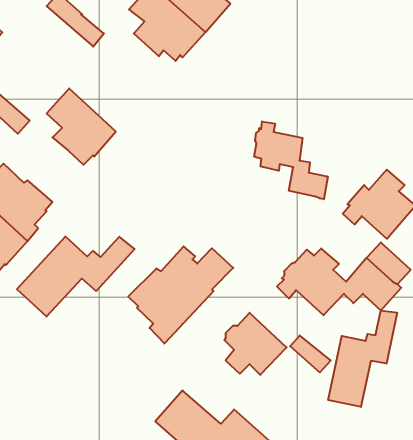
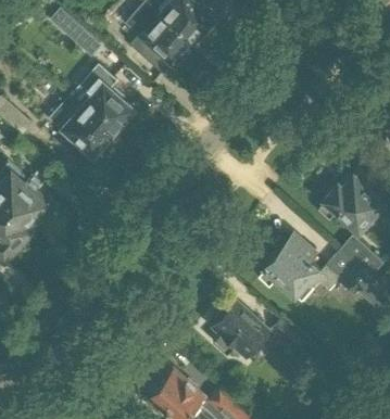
building: none -> [70,76,133,132]
building: [254,121,328,199] -> none
building: [17,236,135,317] -> none
building: [128,246,233,344] -> none
building: [328,310,397,407] -> none

